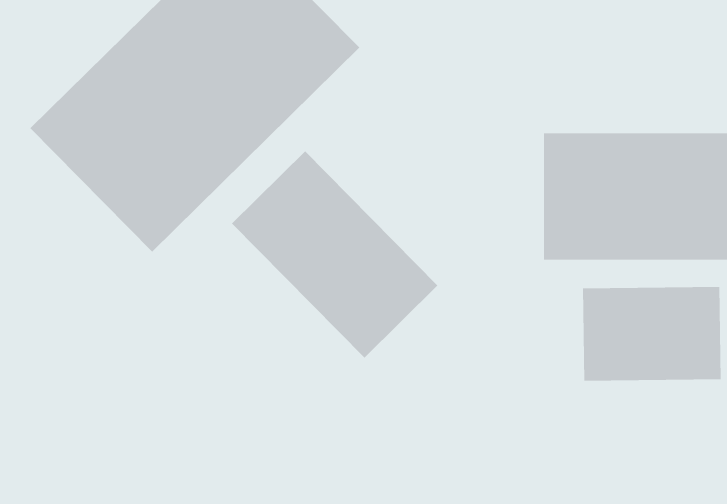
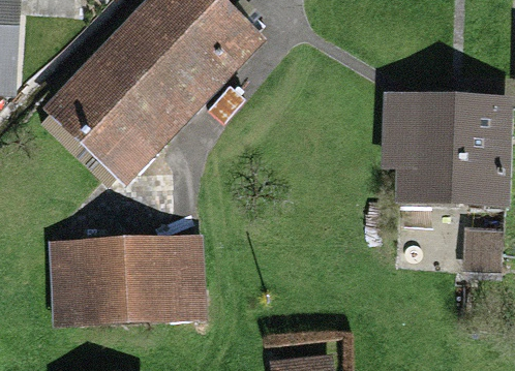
building: [231,150,438,359] -> none
building: none -> [59,244,208,314]

